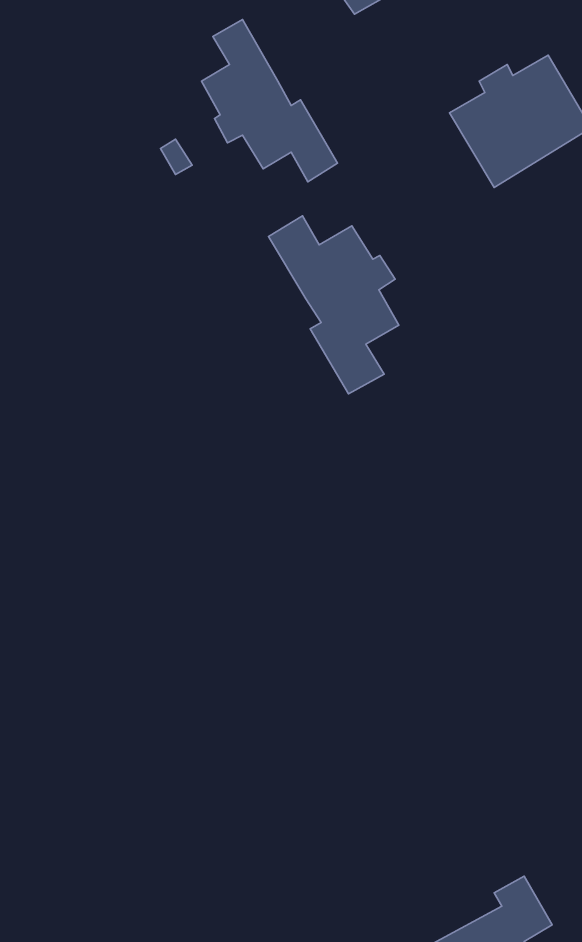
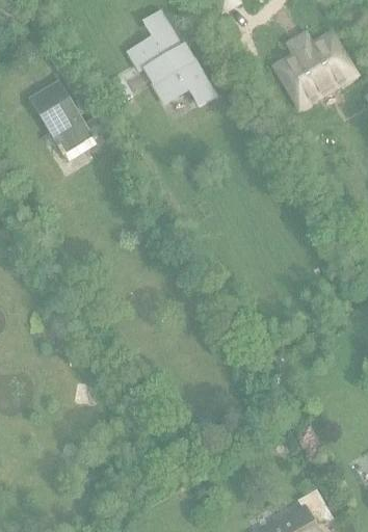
building: none -> [30,83,115,160]
building: [268,216,399,394] -> none

